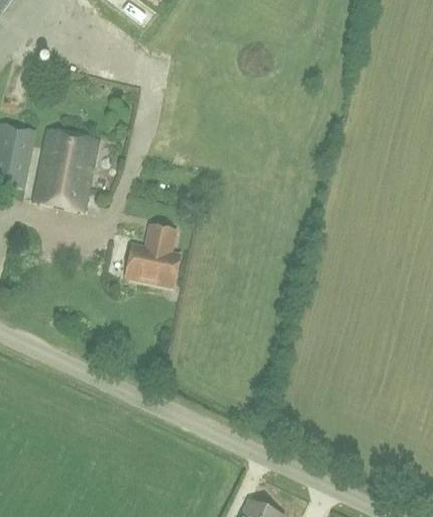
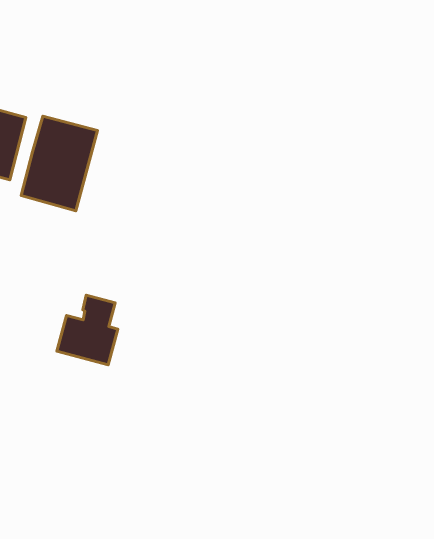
building: [127,224,180,285] -> [57,295,118,365]

